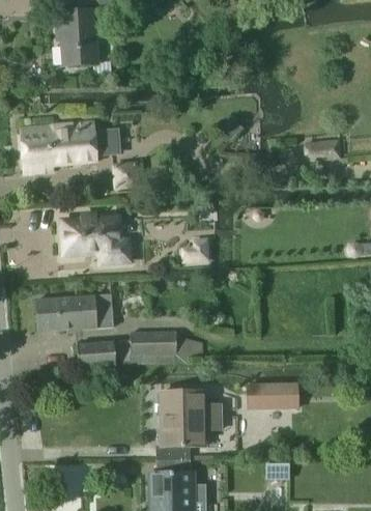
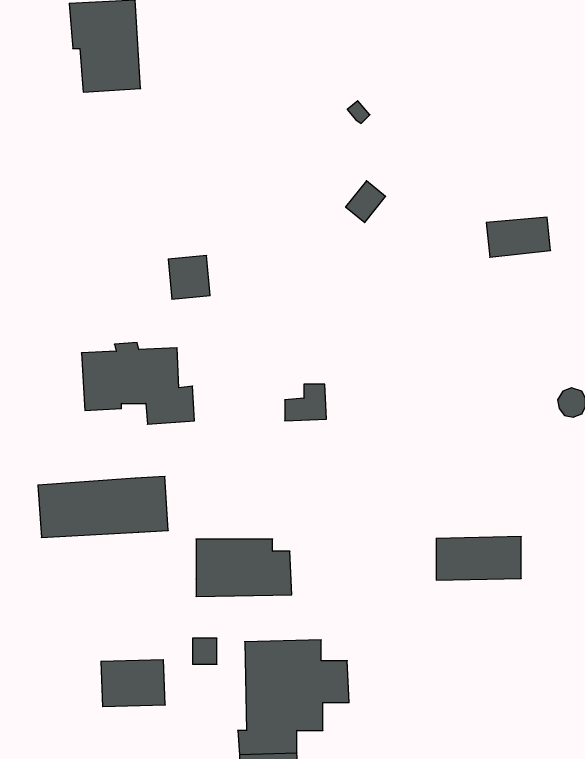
building: [21,121,115,171] -> none
building: [78,340,116,368] -> [101,660,165,707]
building: [248,384,298,409] -> [436,537,521,580]

